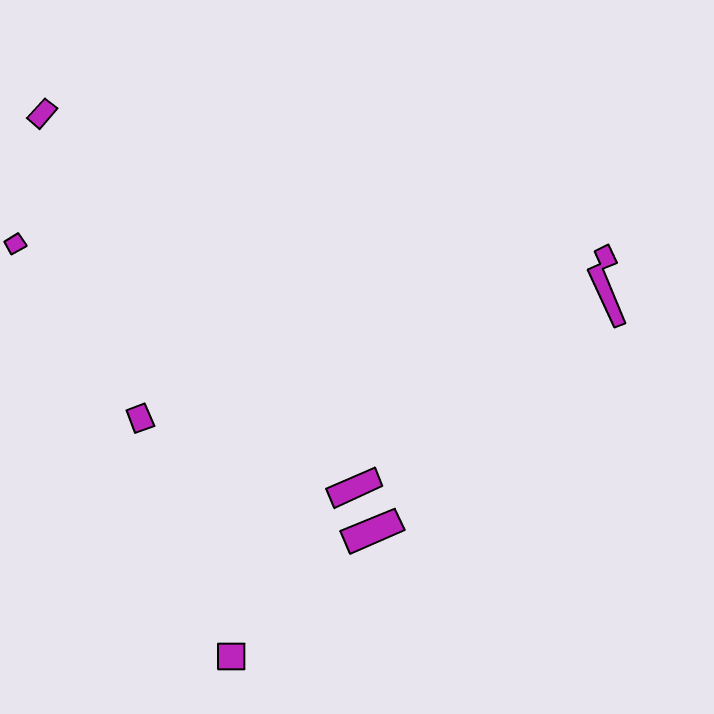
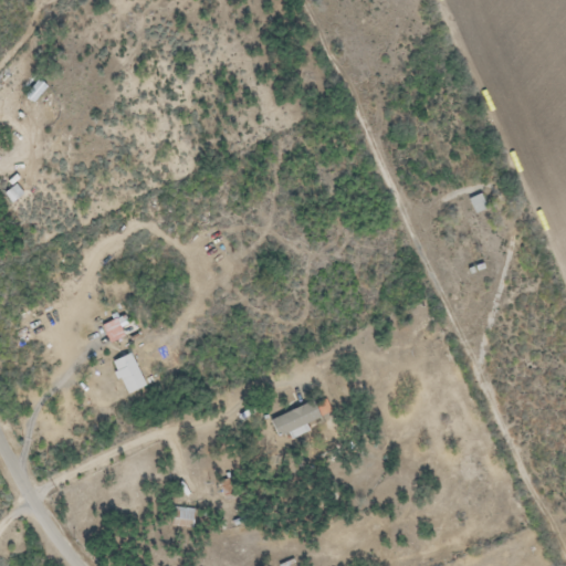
building: none -> [112,352,147,391]
building: [326,467,382,508] -> none

